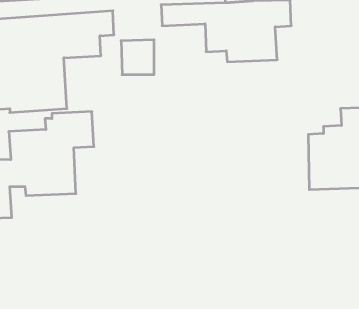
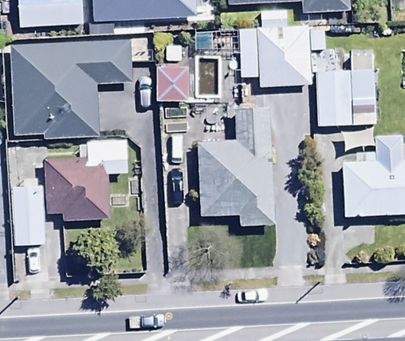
building: none -> [316,54,376,125]
building: none -> [198,106,272,225]

